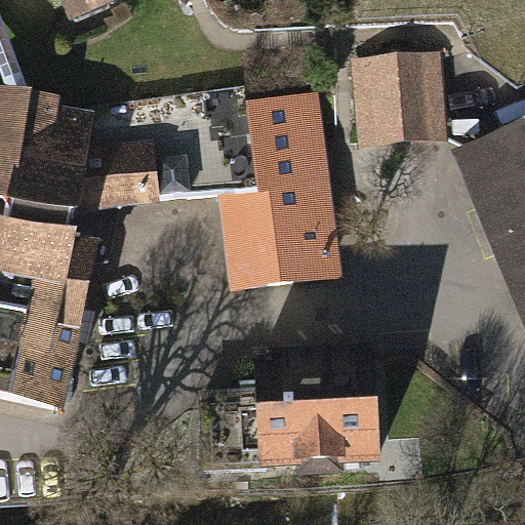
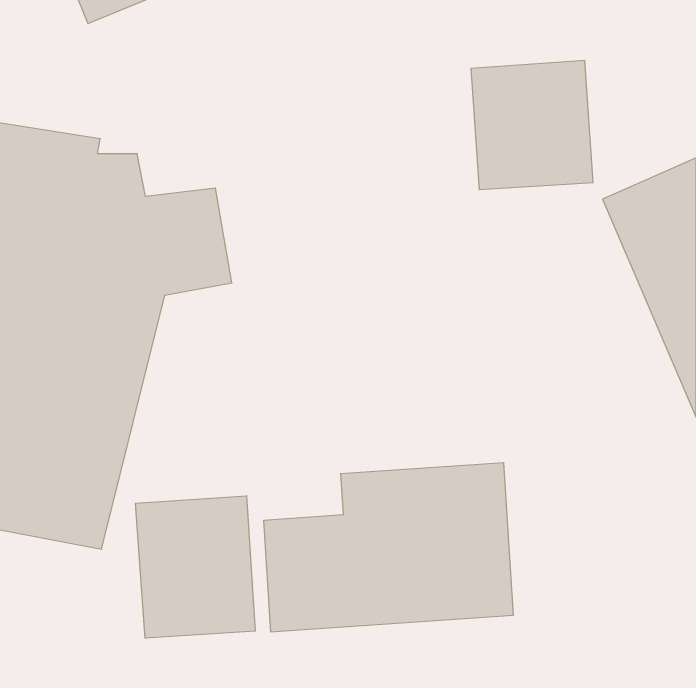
building: [206,94,346,296] -> none
building: none -> [135,496,255,638]

